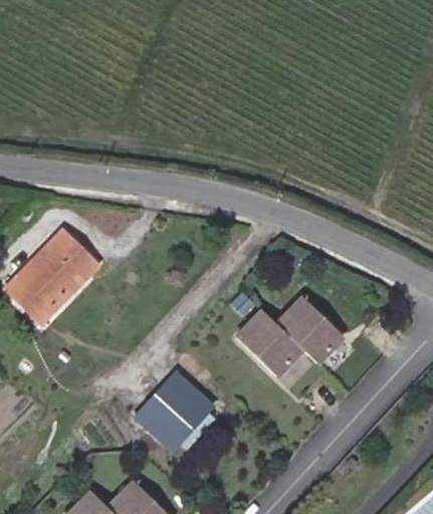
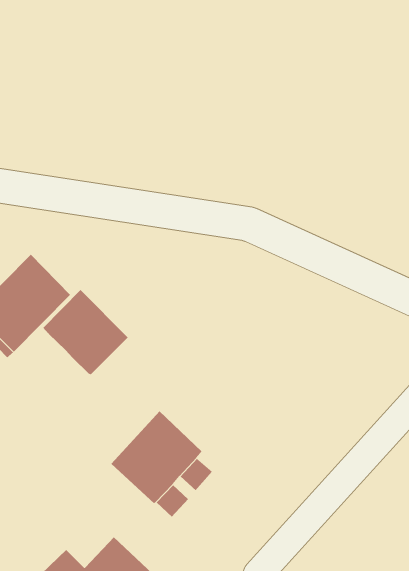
building: none -> [43,289,129,375]
building: [236,298,343,377] -> none

